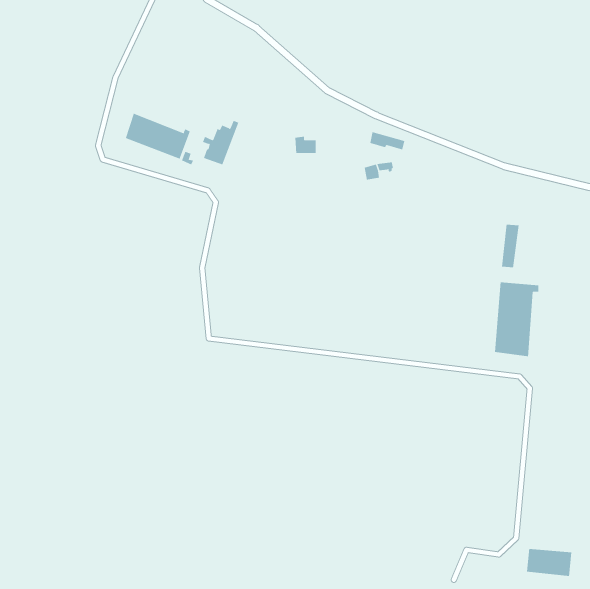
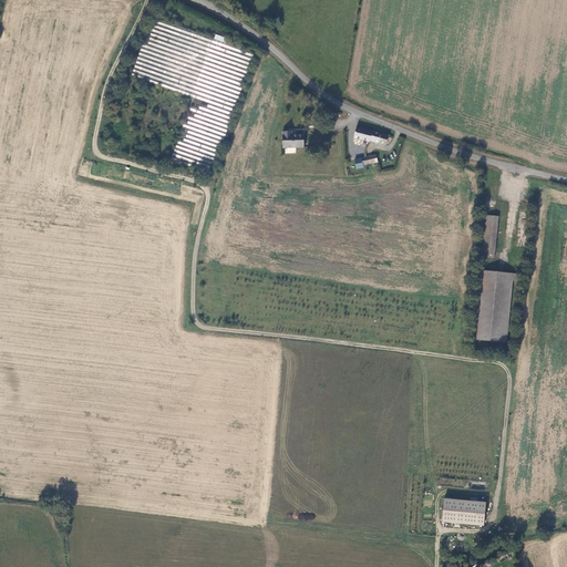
building: [125,113,190,160] -> none
building: [526,549,572,576] -> [442,498,486,525]

